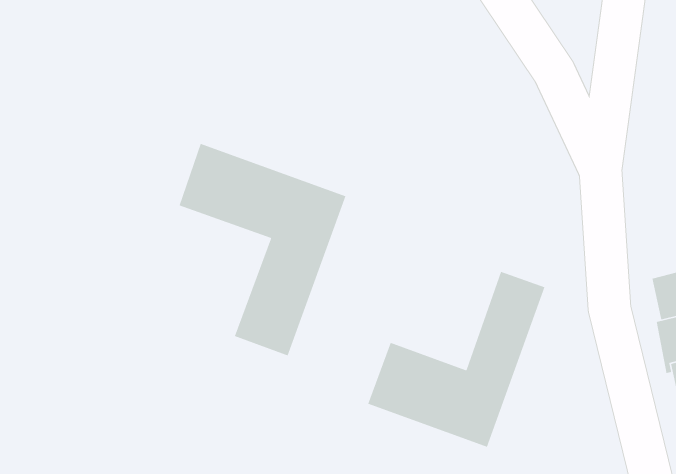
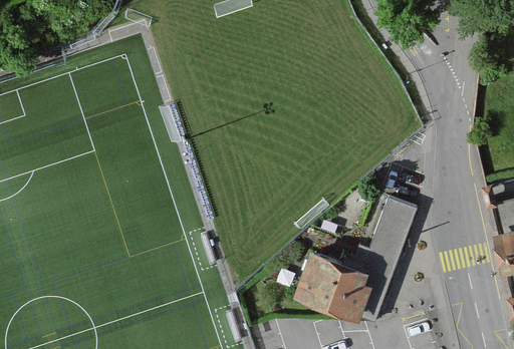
building: [178,143,347,356] -> none

